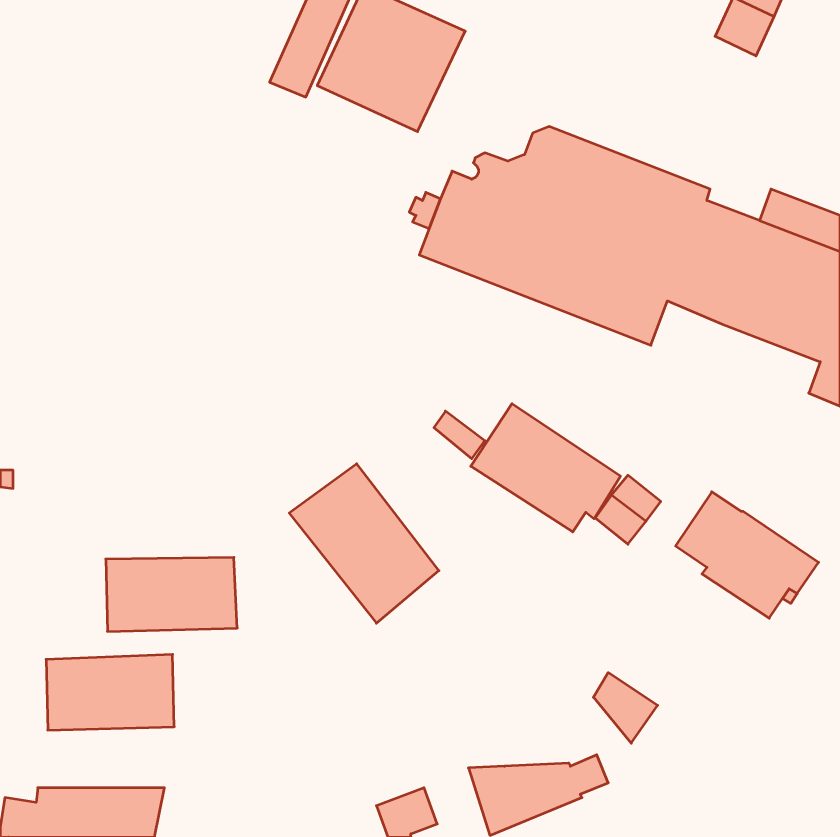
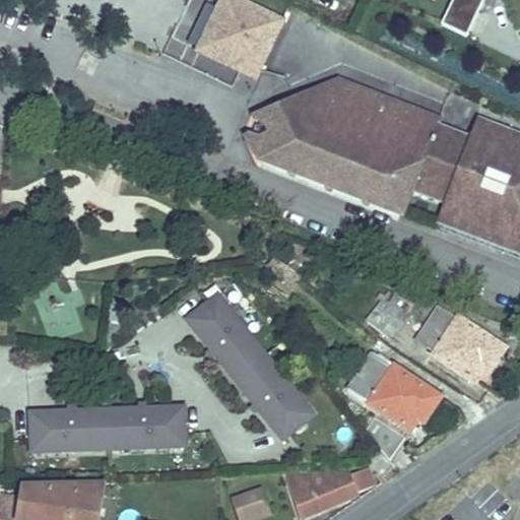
building: none -> [439,200,507,243]
building: [471,404,620,532] -> [348,350,441,430]
building: [106,557,237,631] -> [107,403,188,449]
building: none -> [233,352,317,440]

